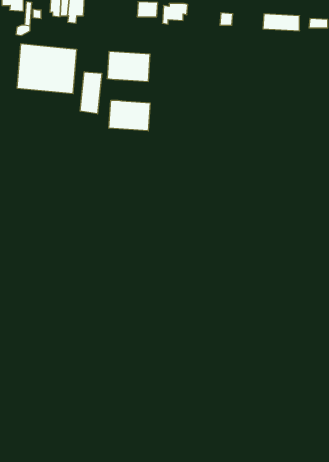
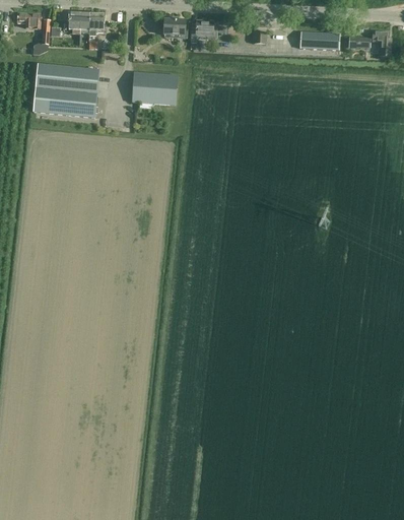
building: [80,72,102,114] -> none
building: [109,100,150,131] -> none

